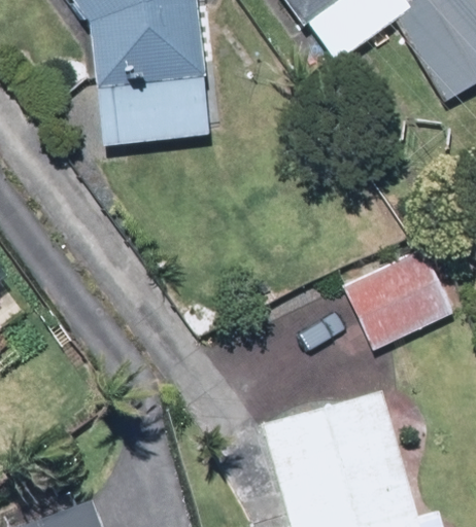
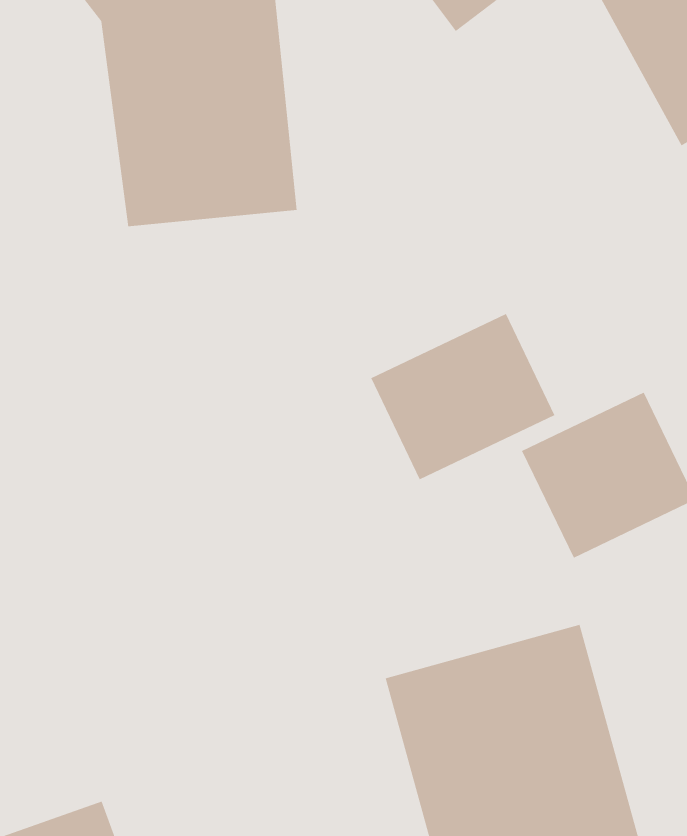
building: none -> [371,313,555,480]

